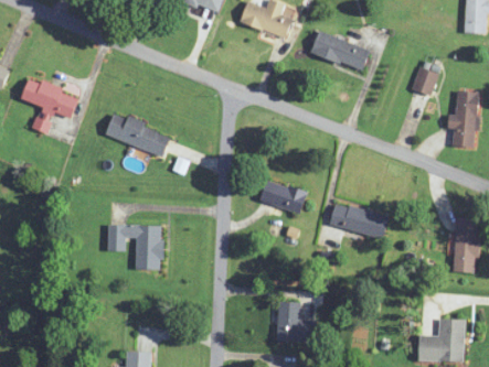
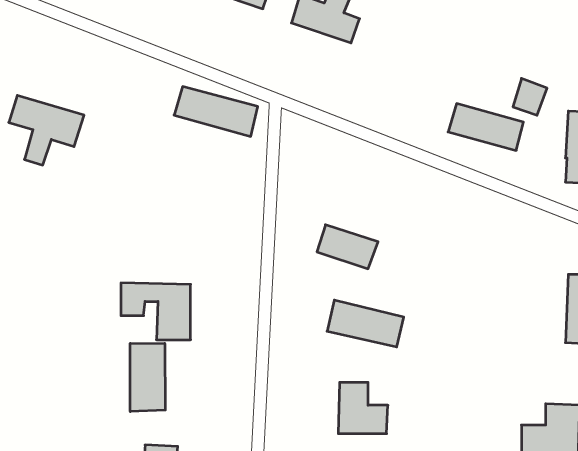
building: [310,33,369,69] -> [448,104,523,150]
building: [105,116,170,154] -> [174,87,258,136]
building: [329,202,389,238] -> [327,300,404,347]
building: none -> [130,343,165,412]

